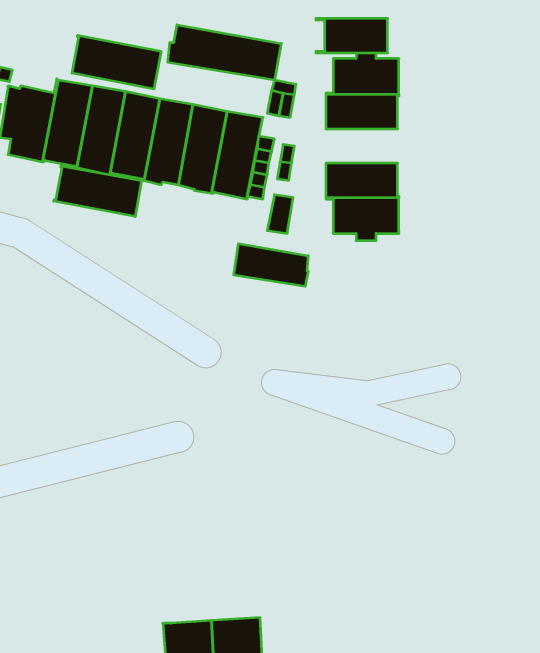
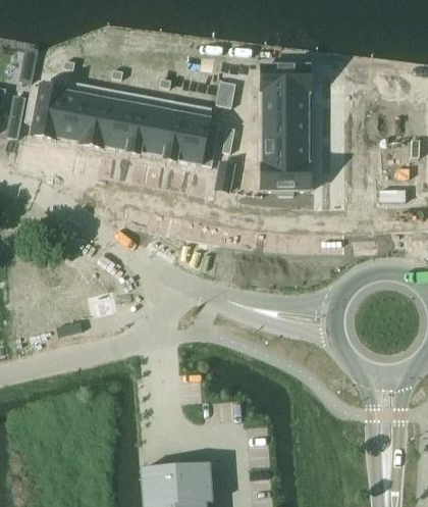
building: [316,18,388,53] -> [257,115,308,140]
building: [168,25,281,80] -> none
building: [72,35,161,89] -> none
building: [54,166,142,217] -> none
building: [234,244,308,286] -> none

